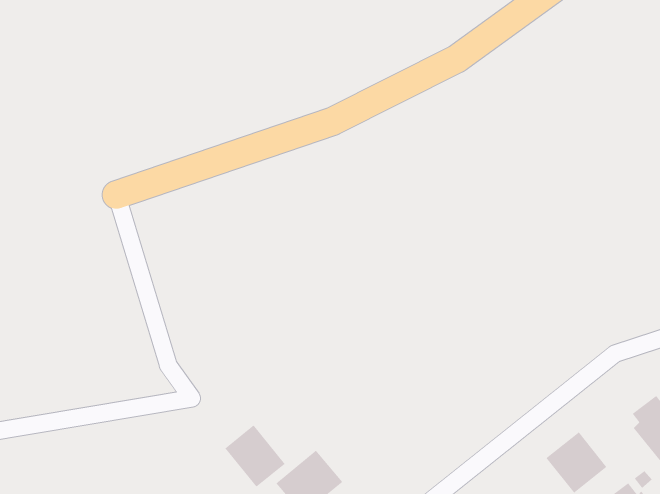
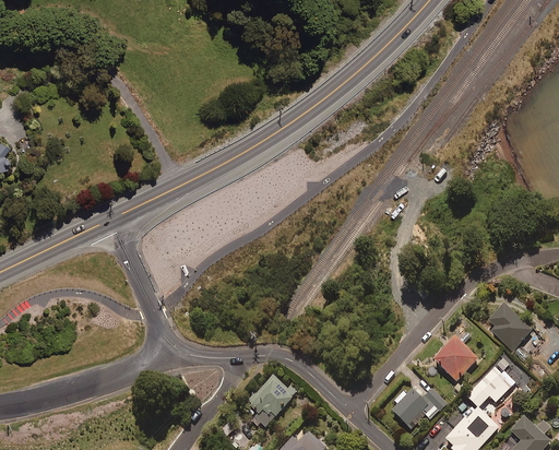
building: [225,425,286,488] -> none

